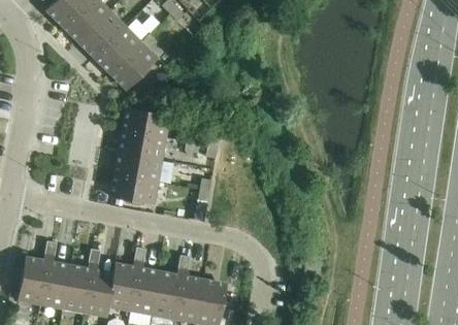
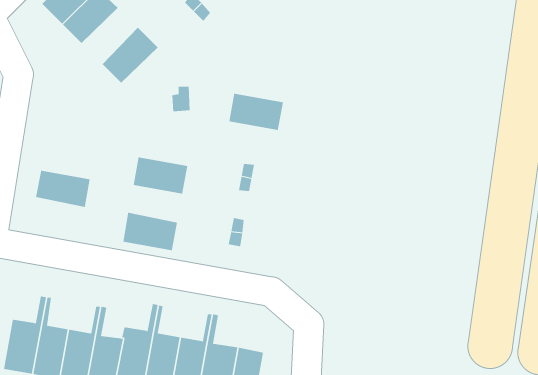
building: [79,9,125,55] -> none
building: [111,41,158,87] -> none
building: [125,106,169,136] -> [228,93,284,130]
building: [117,152,161,182] -> [35,170,91,207]

